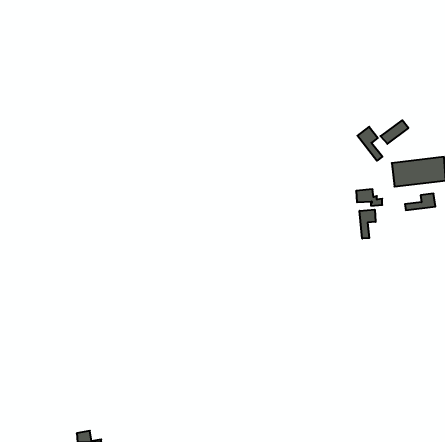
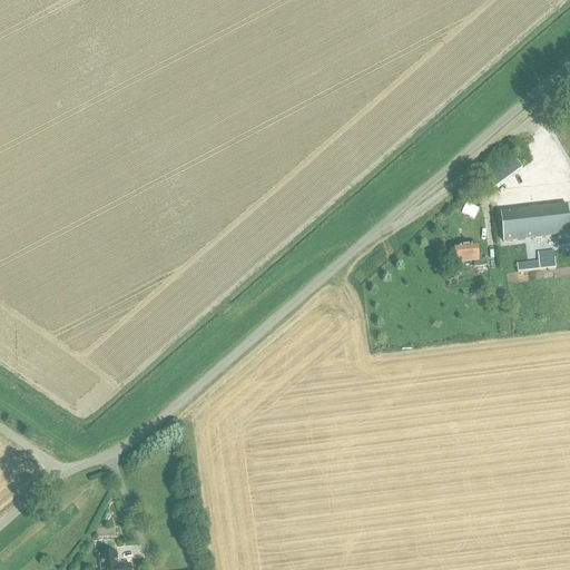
building: [357,127,382,161] -> none
building: [360,210,376,239] -> none

